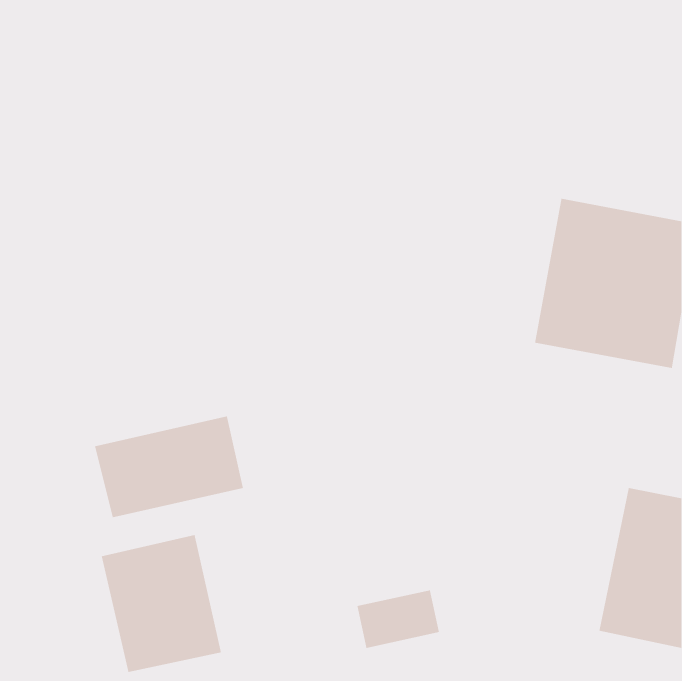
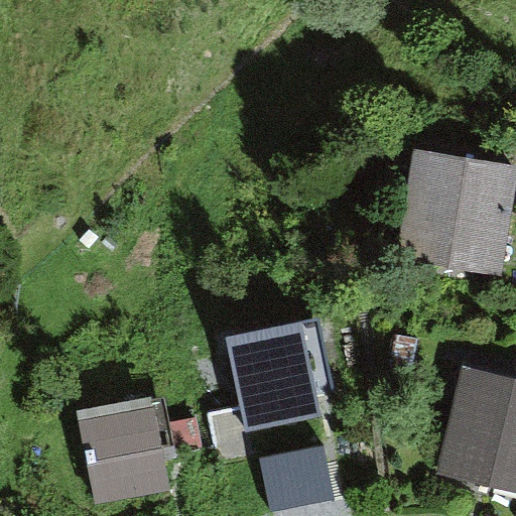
building: [94,416,244,518] -> none
building: none -> [235,331,324,433]

